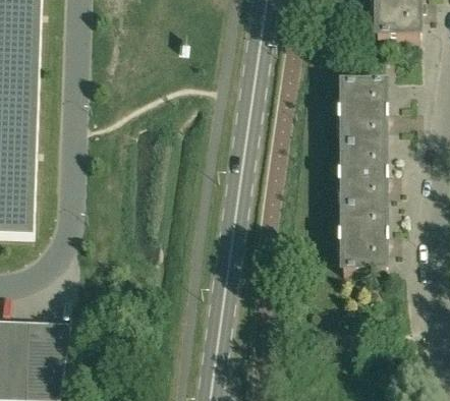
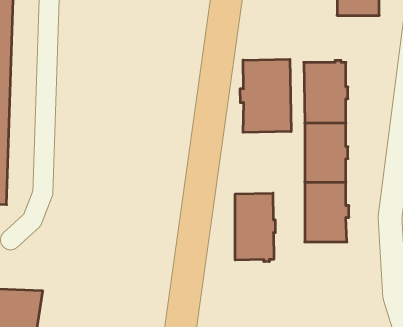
building: none -> [240,59,291,132]
building: none -> [235,193,275,262]

